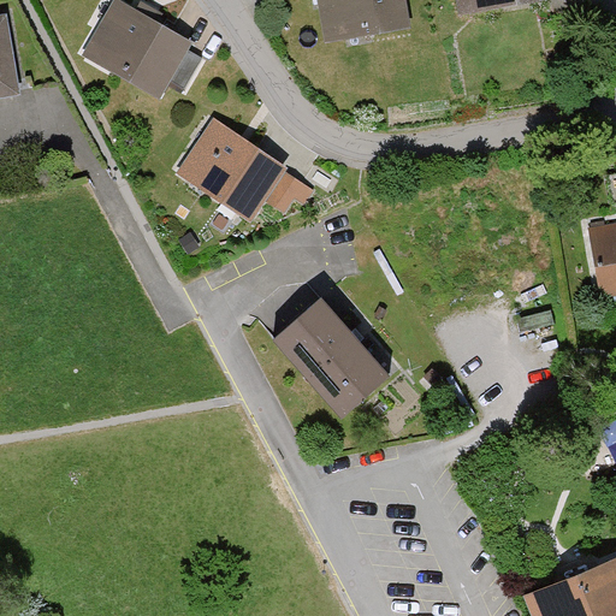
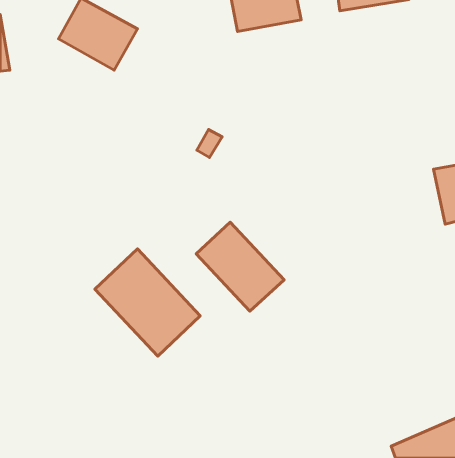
building: [179,118,285,217] -> none
building: none -> [95,249,200,356]

